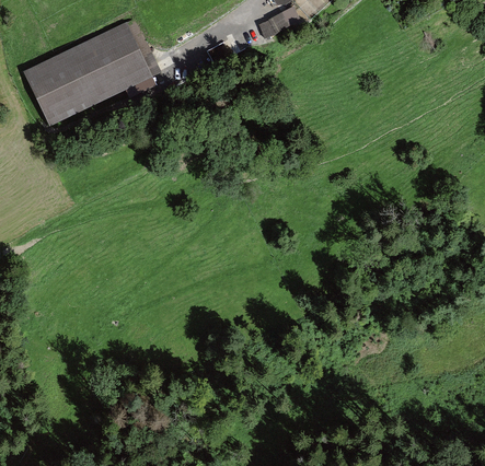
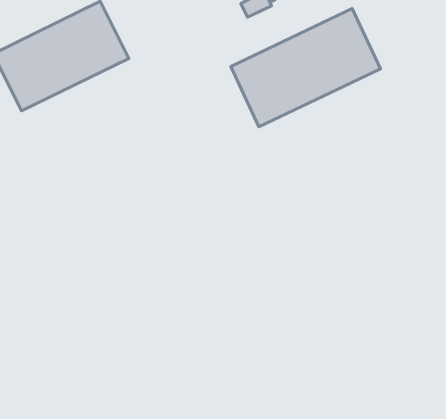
building: none -> [231,9,380,127]

